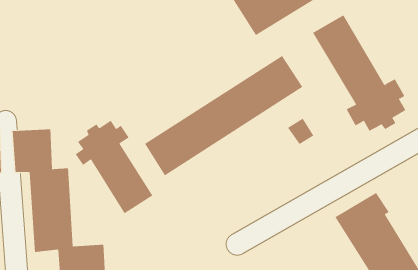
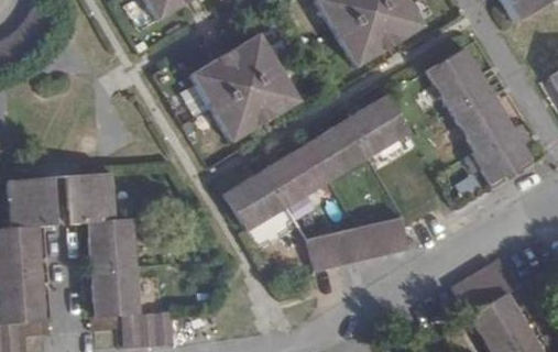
building: none -> [189,34,303,145]
building: [75,120,153,214] -> none
building: none -> [308,213,409,270]

